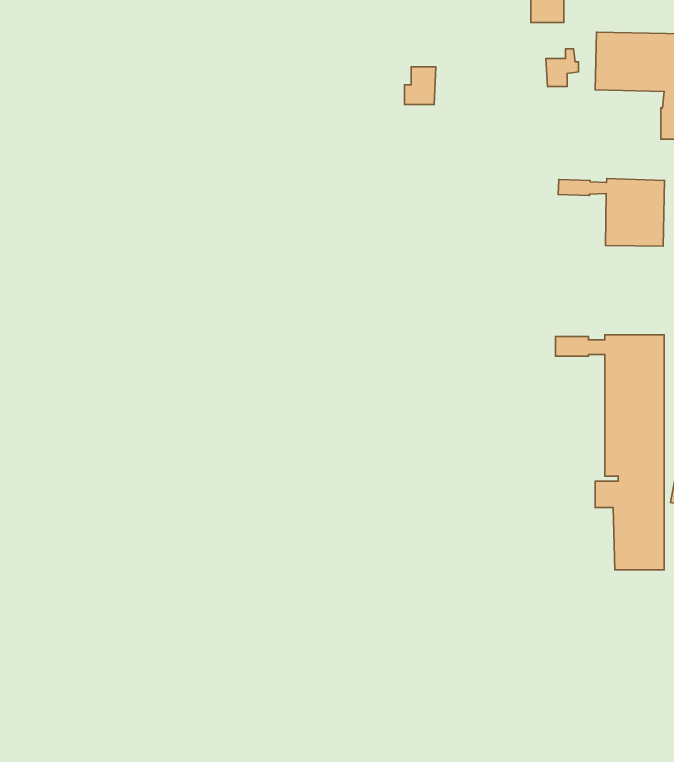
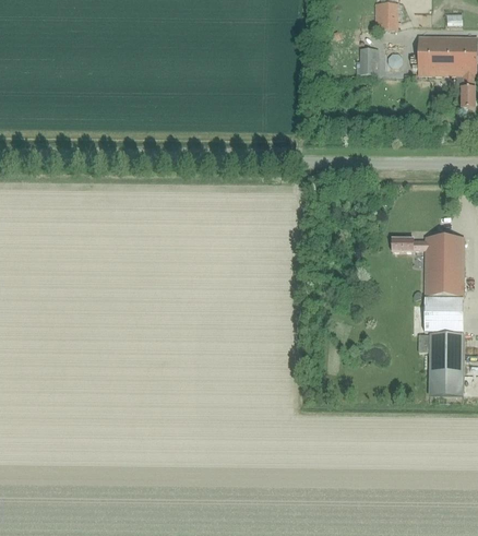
building: [405,67,436,105] -> [356,48,377,73]
building: [558,179,664,246] -> none

